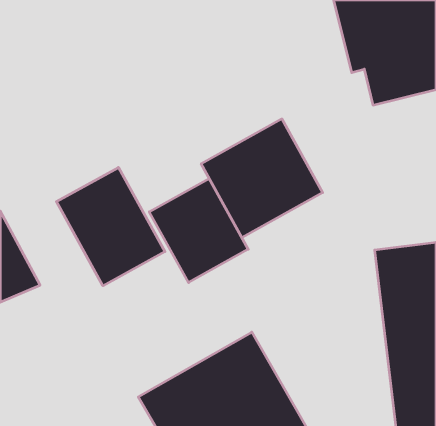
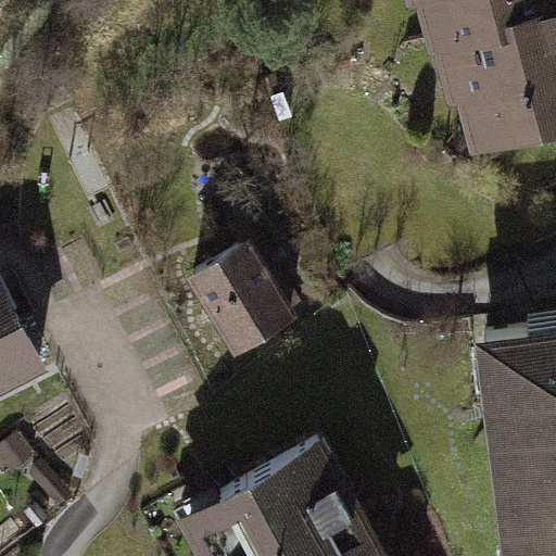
building: [201,119,323,237] -> none
building: [56,167,165,286] -> none

